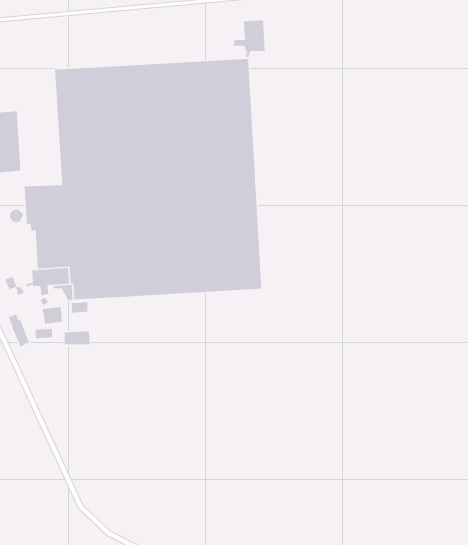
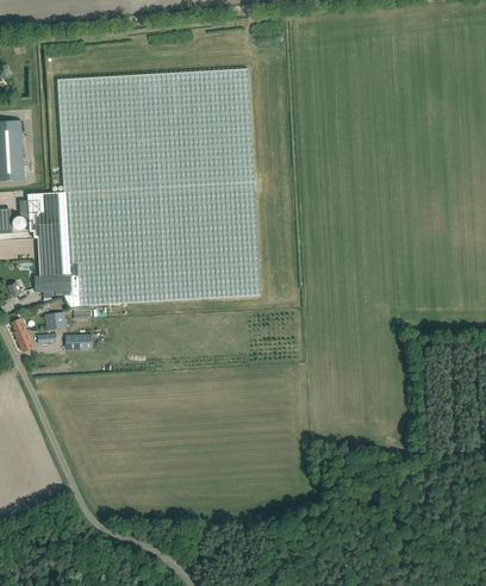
building: [232,20,266,58] -> none

